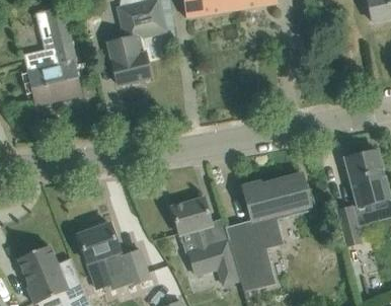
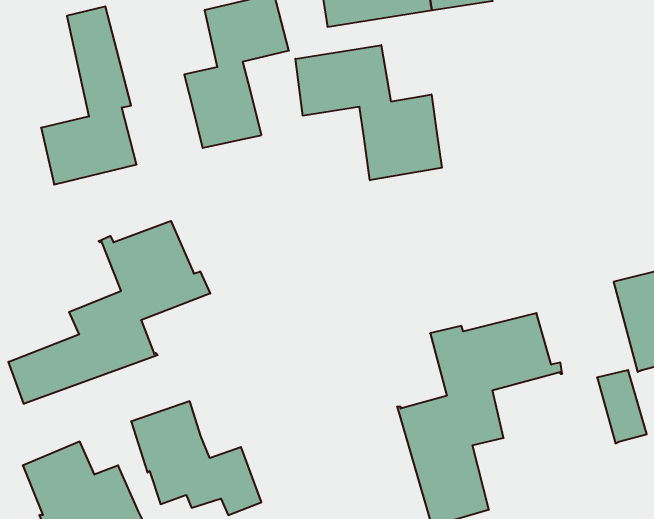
building: none -> [295,45,442,180]
building: none -> [8,221,210,404]
building: [171,198,239,285] -> none

